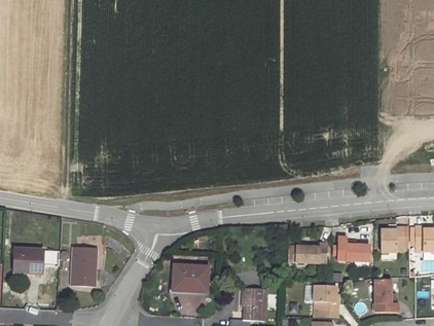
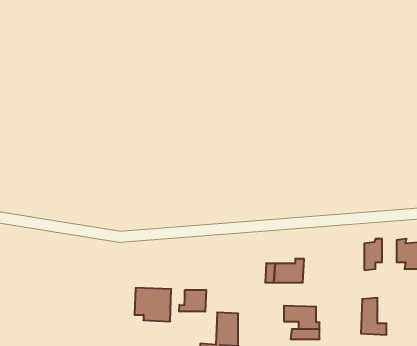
building: [340,238,369,259] -> none
building: [73,248,98,287] -> none
building: none -> [179,290,206,312]

